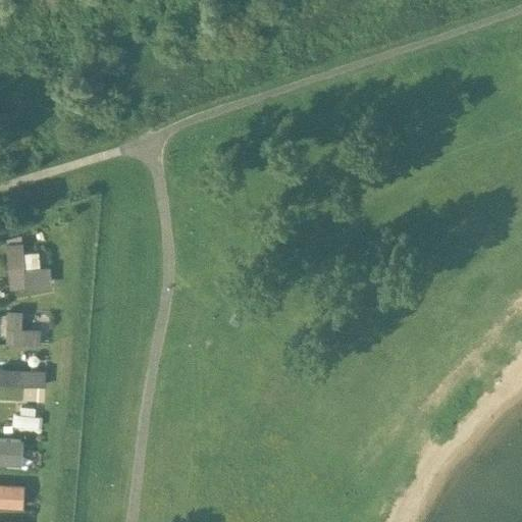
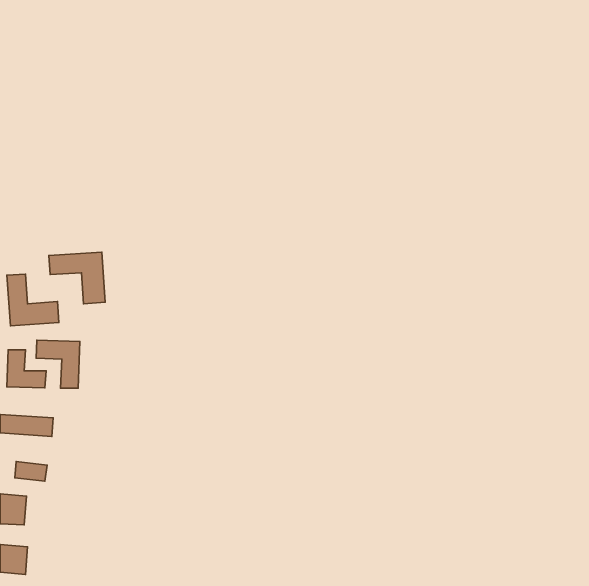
building: none -> [49,252,105,304]
building: none -> [36,340,80,388]

